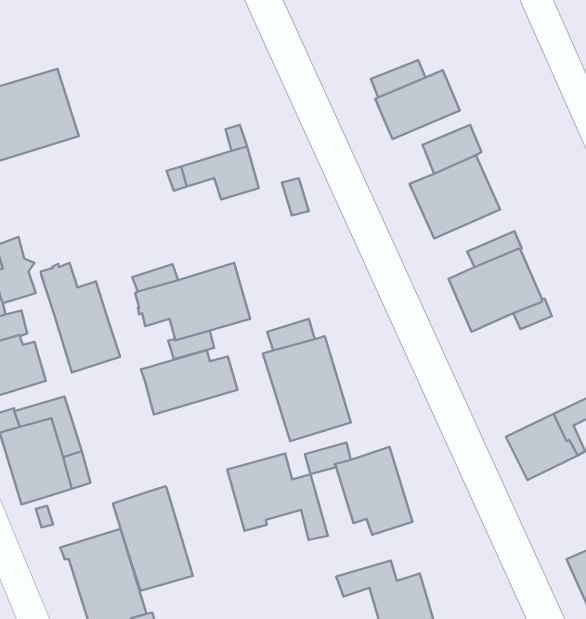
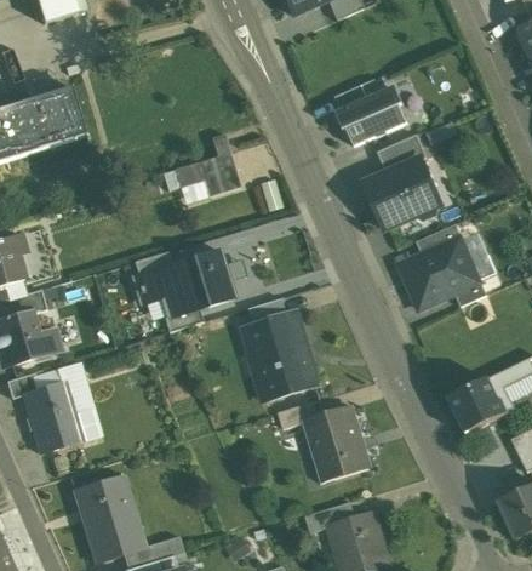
building: [41,263,120,373] -> none
building: [141,350,237,415] -> none
building: [227,453,328,540] -> none
building: [113,486,193,591] -> none

